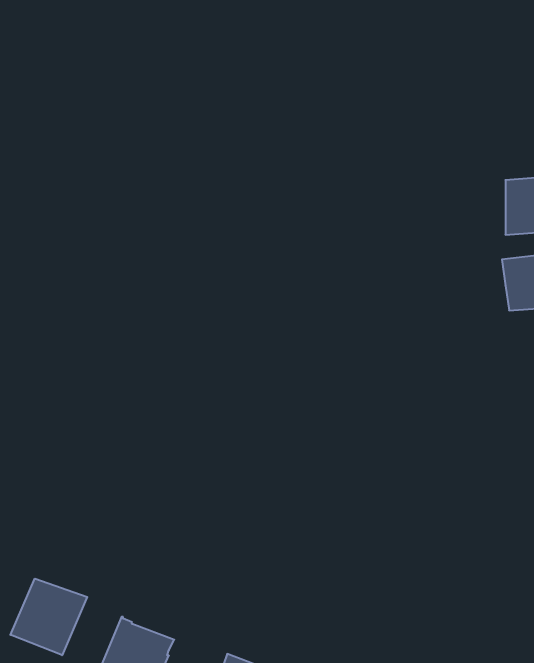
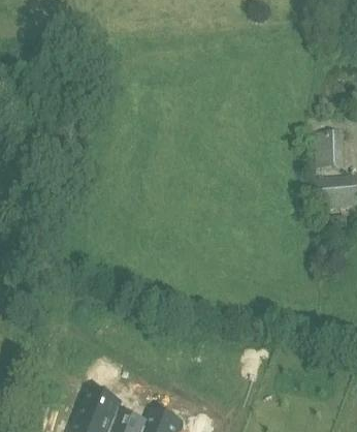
building: [10,579,87,655] -> none

